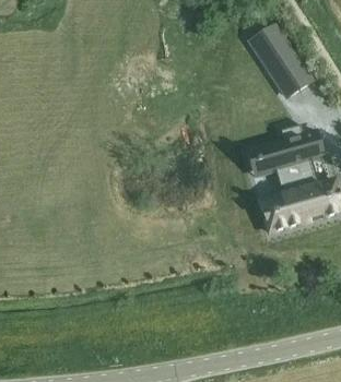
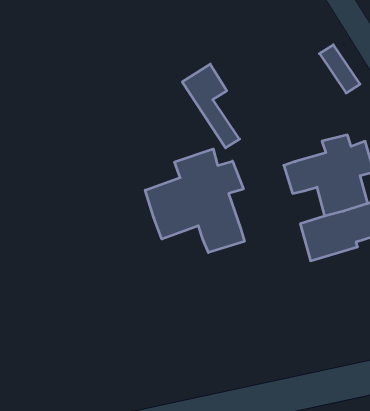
building: [249,25,298,97] -> [182,64,240,148]
building: none -> [145,149,244,253]

